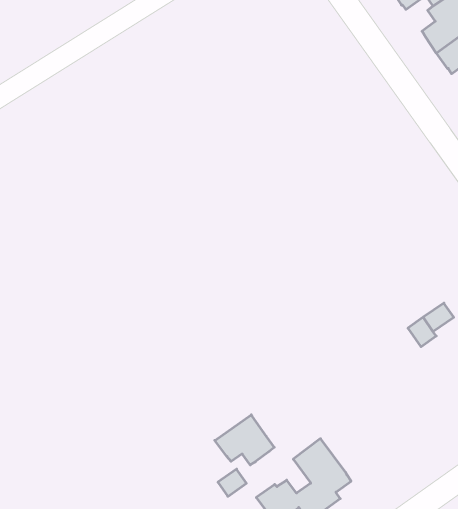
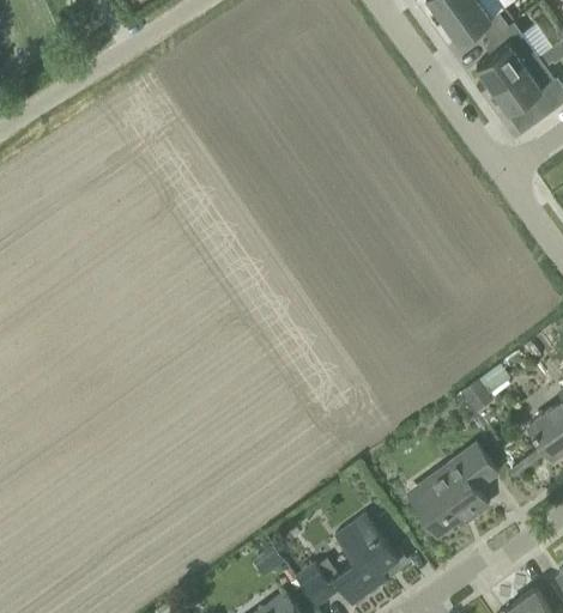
building: none -> [412,445,497,535]
building: [215,415,274,465] -> none

